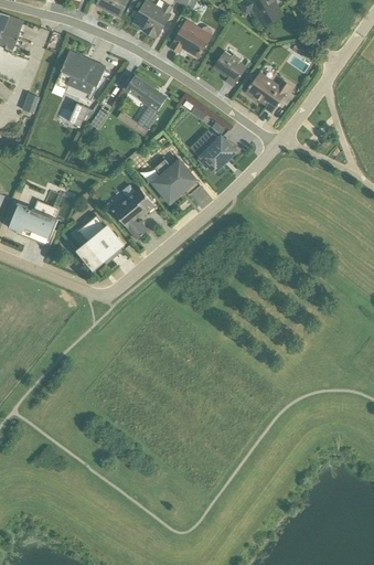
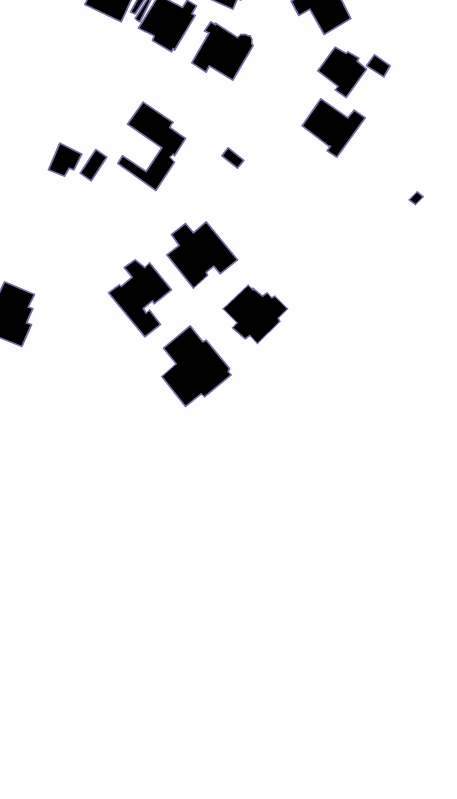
building: [51,51,105,99] -> none
building: [212,51,246,86] -> [318,47,367,98]
building: [190,130,235,171] -> [223,285,288,343]
building: [76,214,125,270] -> [162,326,231,406]

